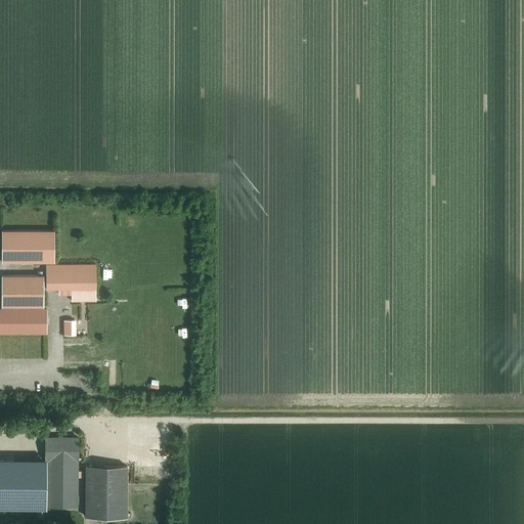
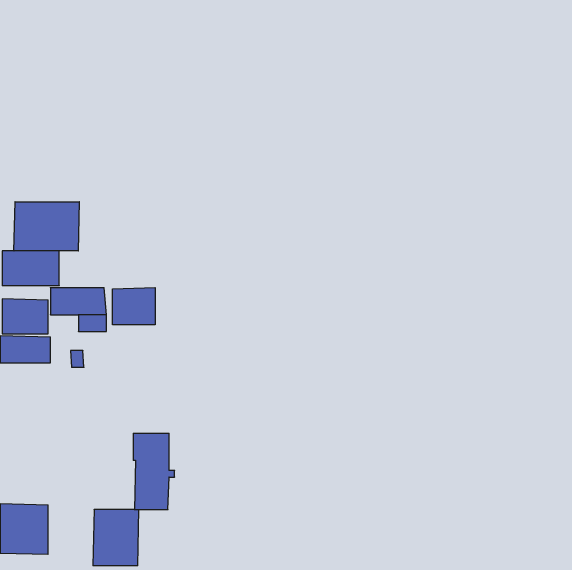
building: none -> [14,202,79,251]
building: none -> [113,288,155,325]
building: [45,439,83,509] -> [133,433,175,510]

